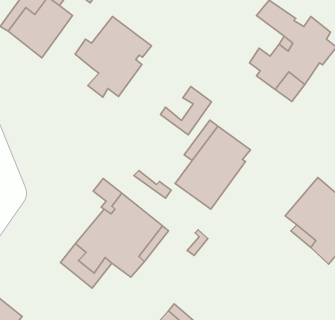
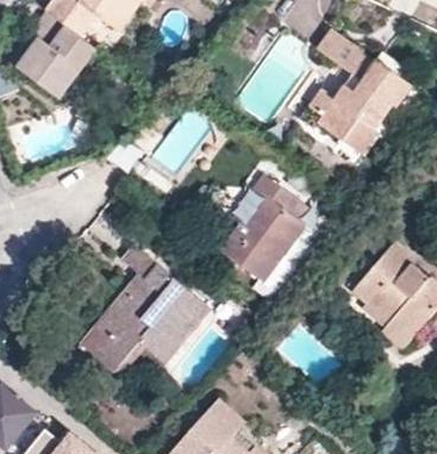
building: [75,17,151,97] -> none
building: [160,86,212,135] -> none

